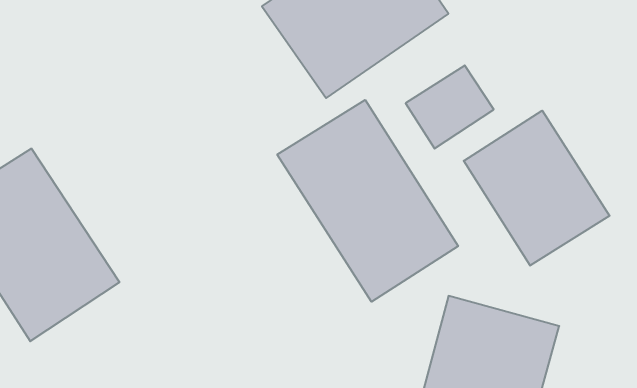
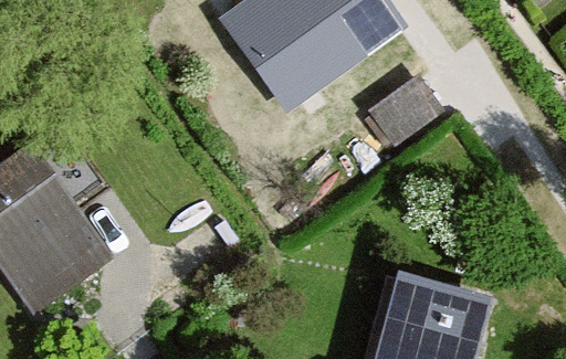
building: [277,100,458,302] -> none
building: [464,111,610,266] -> none

